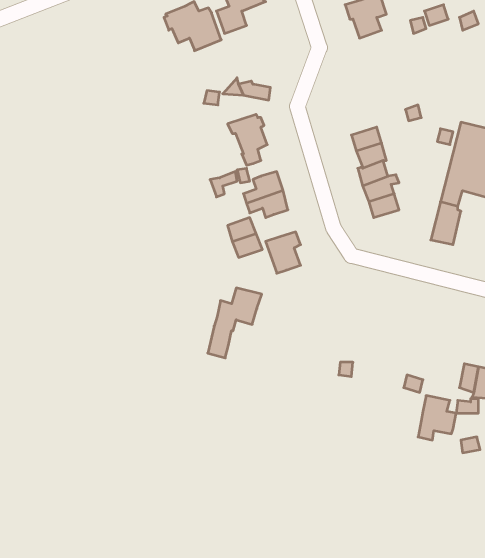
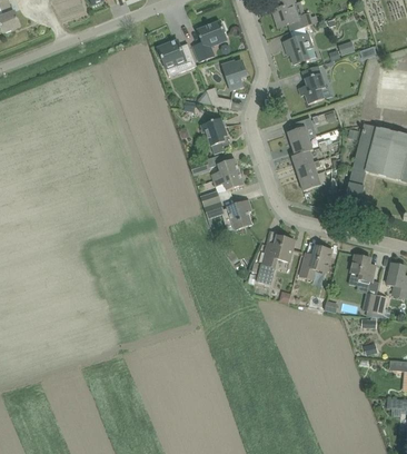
building: none -> [221,60,247,90]
building: none -> [298,66,325,103]
building: [208,288,262,358] -> [257,236,295,285]
building: none -> [300,245,332,278]
building: [418,396,456,440] -> [348,255,375,286]

